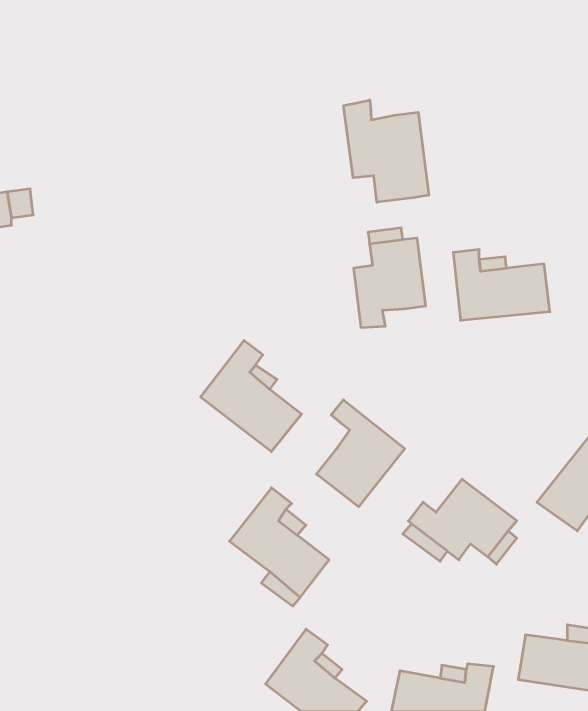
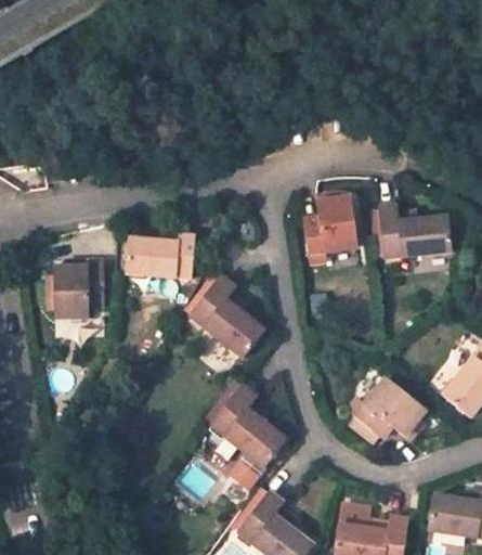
building: [344,100,429,202] -> none
building: none -> [123,234,193,279]
building: none -> [53,260,103,319]
building: [316,400,405,507] -> none

